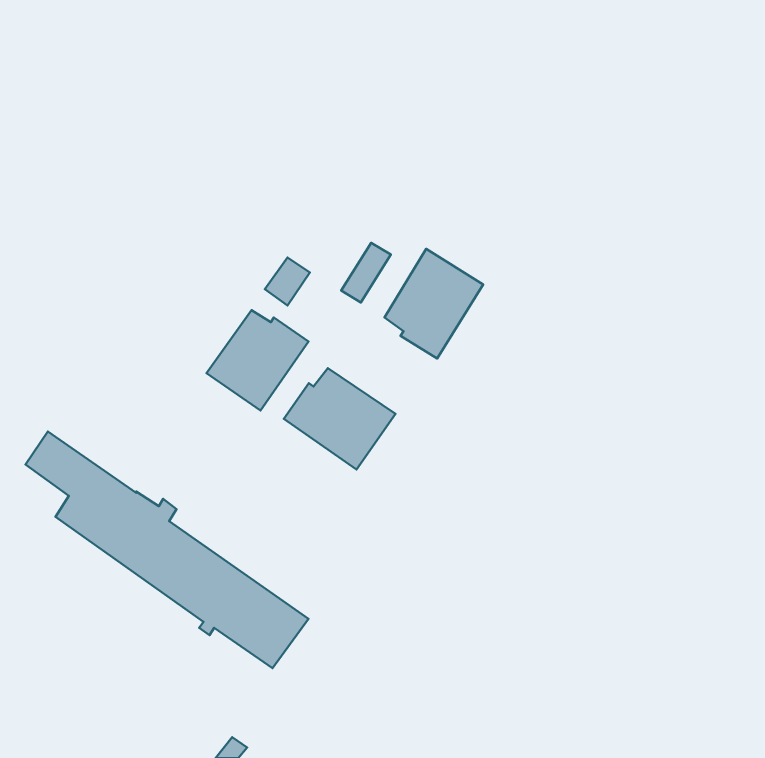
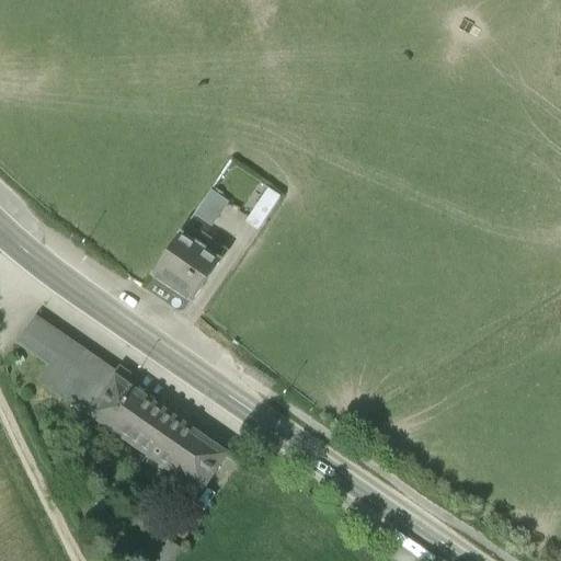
building: [384,249,483,359] -> none
building: [284,368,395,469] -> none

